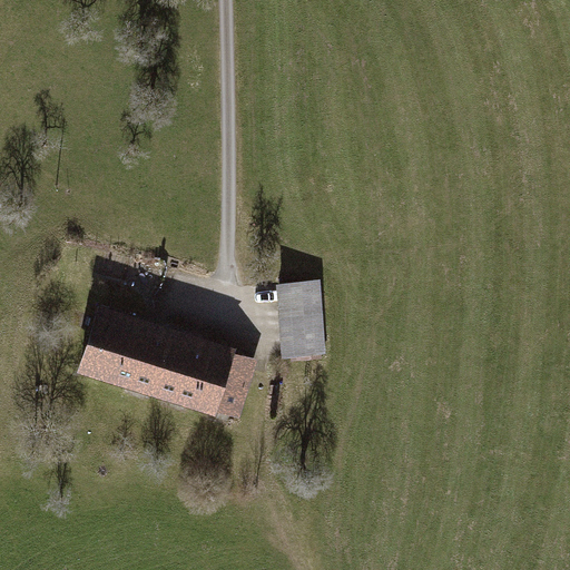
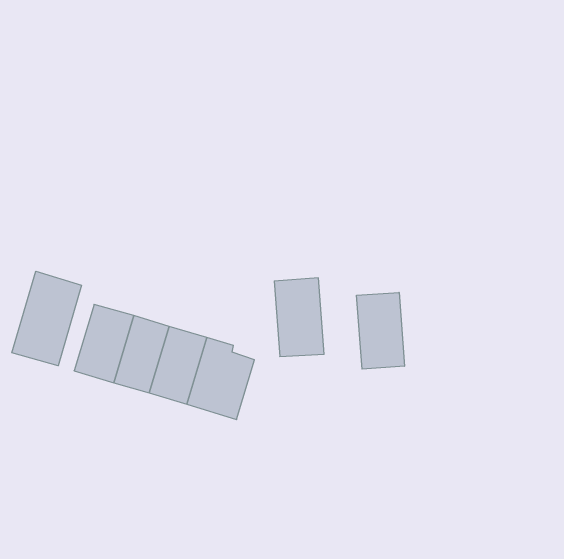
building: none -> [12,271,81,366]
building: none -> [357,292,404,369]

